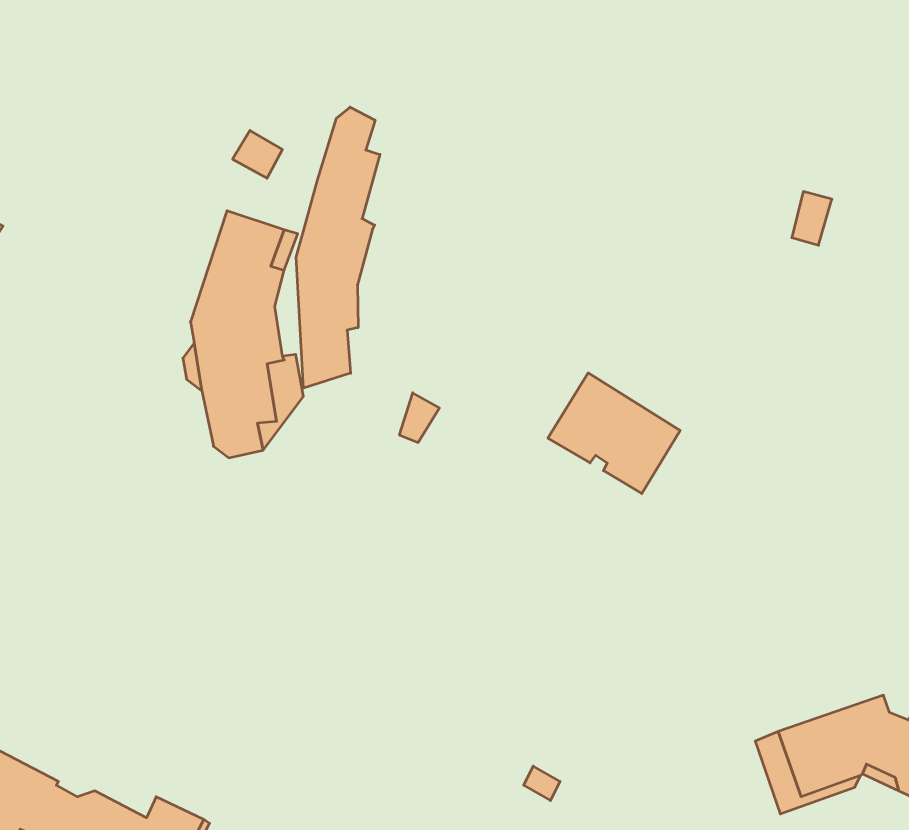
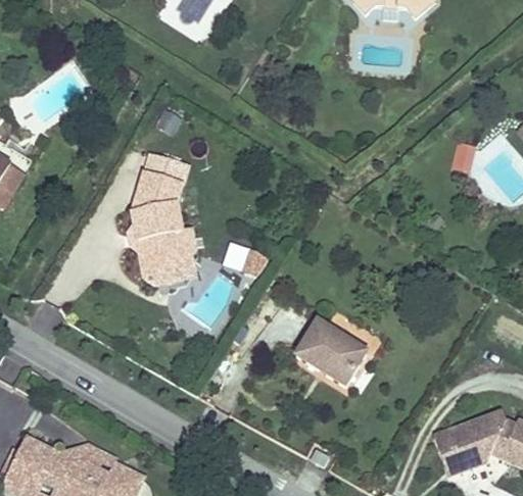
building: [296,107,380,388] -> none
building: [548,373,680,494] -> [295,320,366,385]
building: none -> [60,444,115,475]

